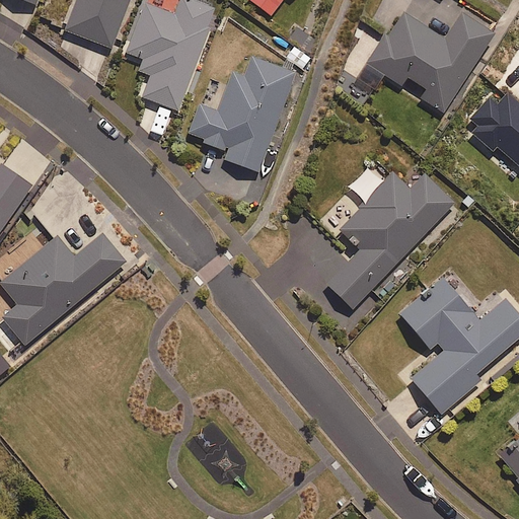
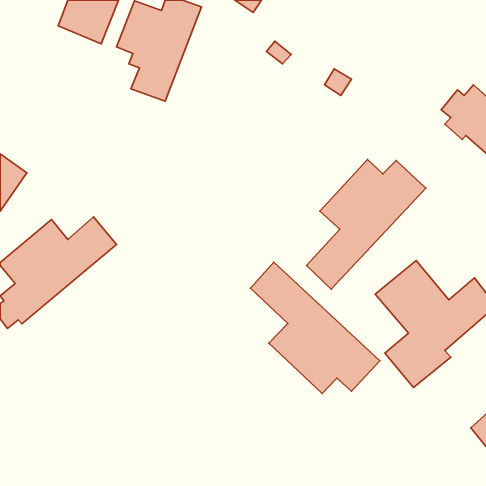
building: [363,7,496,110] -> none
building: [189,55,295,171] -> none
building: none -> [250,262,380,394]

